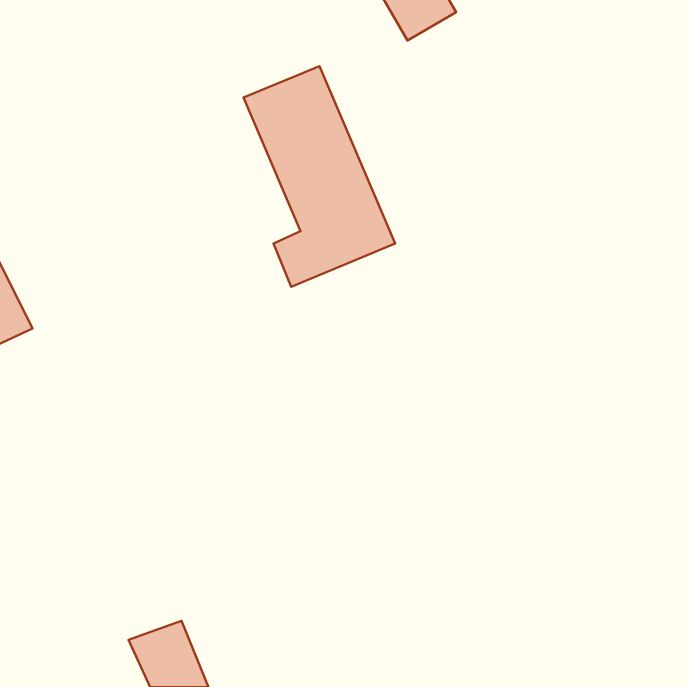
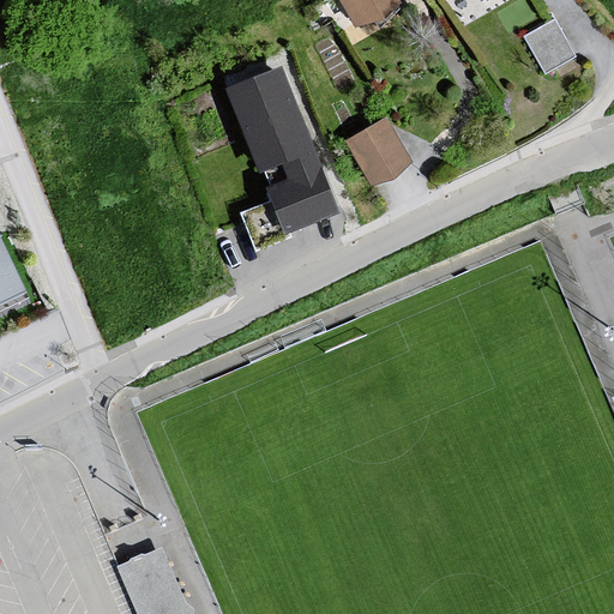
building: none -> [522,8,574,64]
building: none -> [341,116,410,188]

